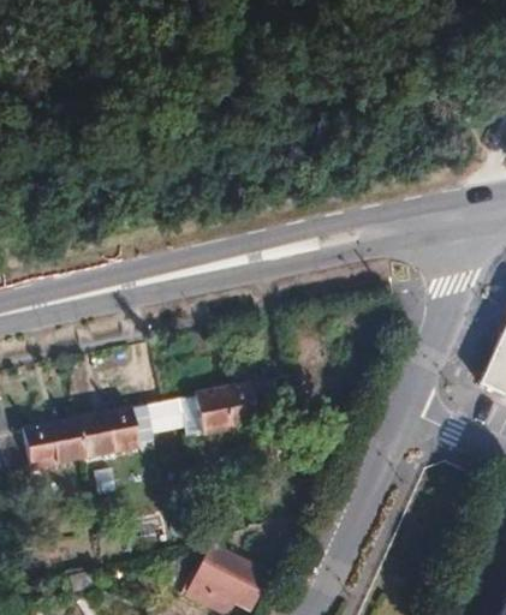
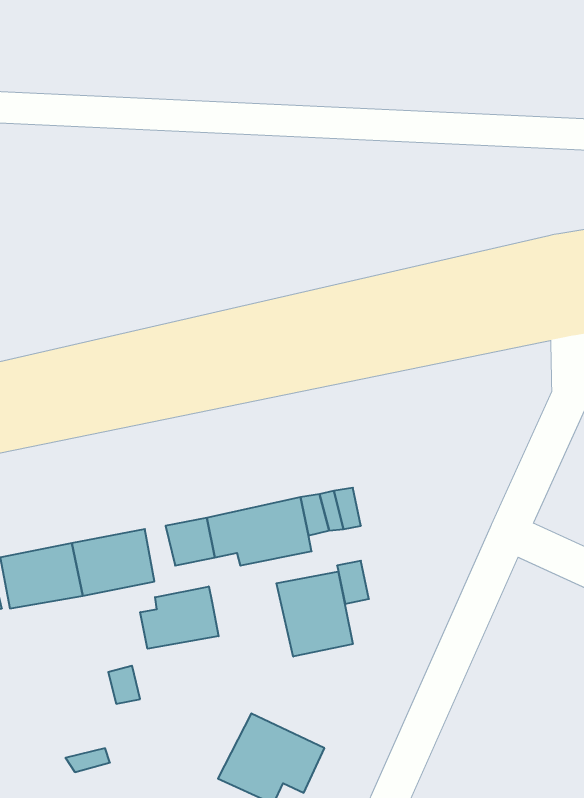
building: none -> [276,572,353,657]
building: none -> [140,586,219,649]

